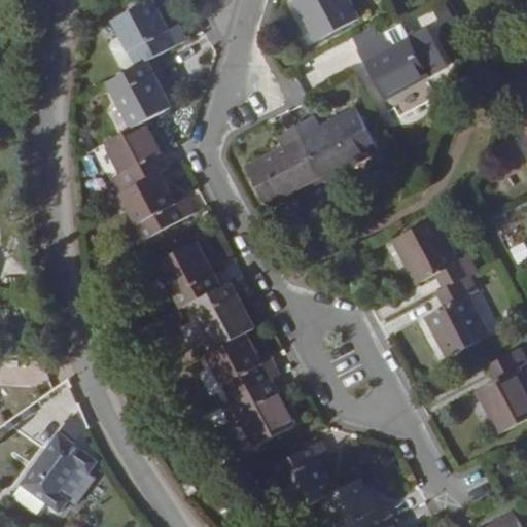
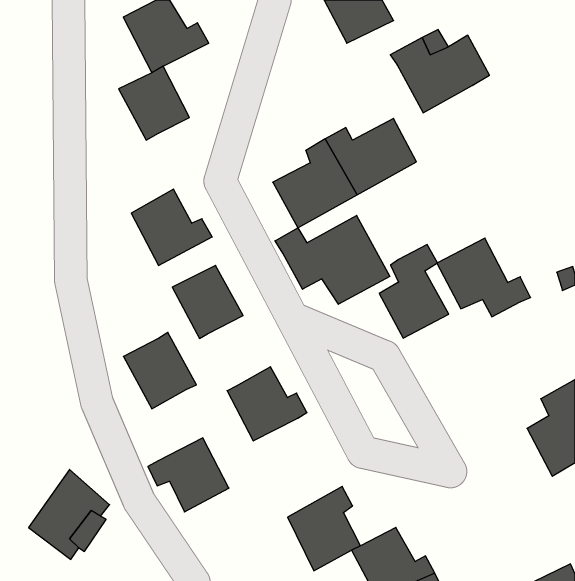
building: [103,121,168,194] -> none
building: none -> [275,215,390,304]
building: [426,274,489,358] -> [379,245,449,338]
building: [187,281,253,350] -> [123,332,196,409]
building: [219,379,292,446] -> [148,438,229,512]

